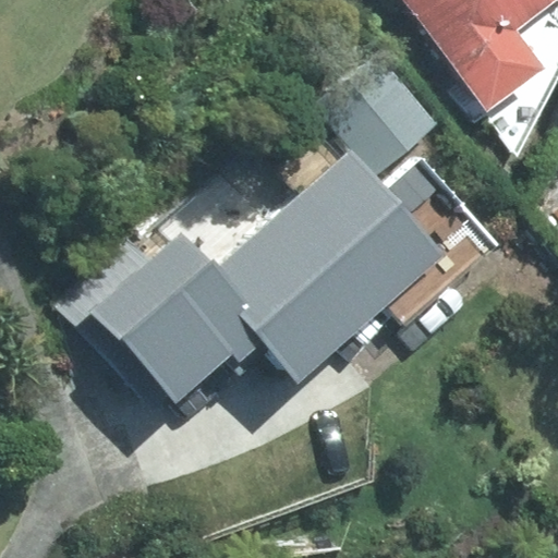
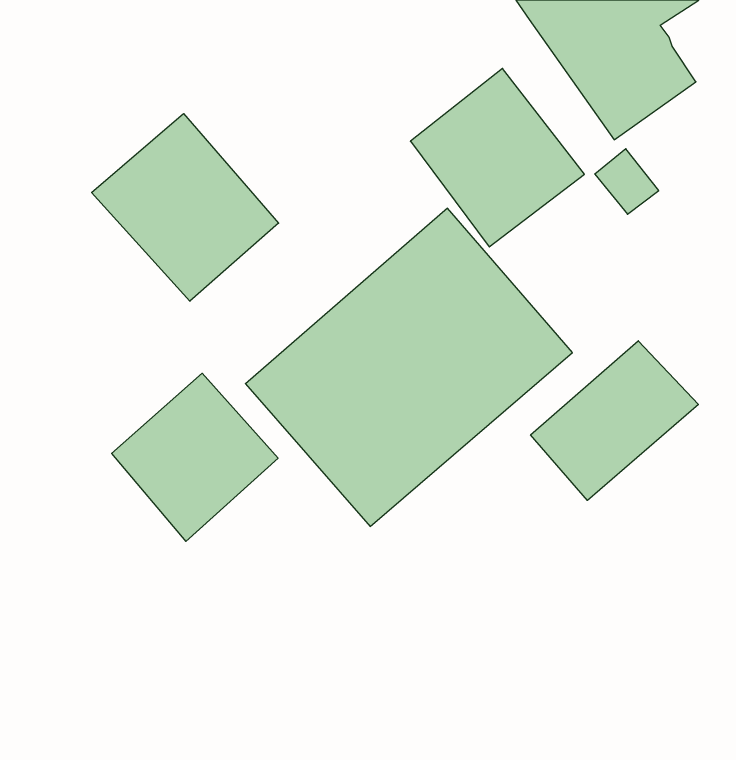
building: none -> [92,114,279,301]
building: none -> [531,341,698,500]

